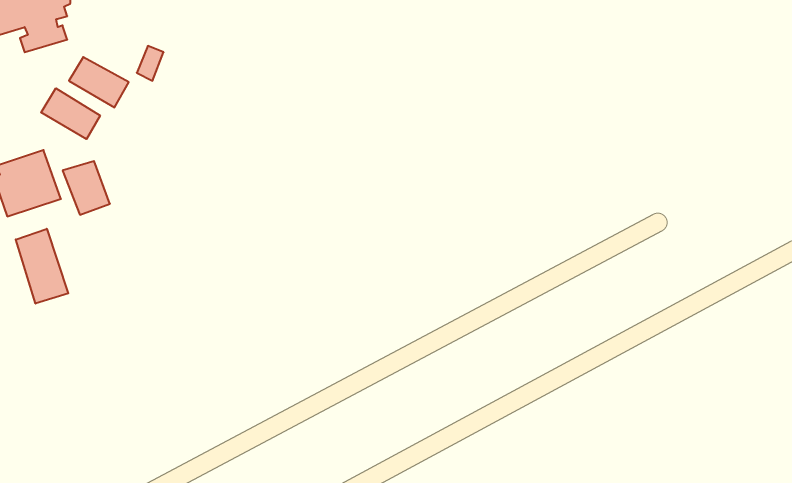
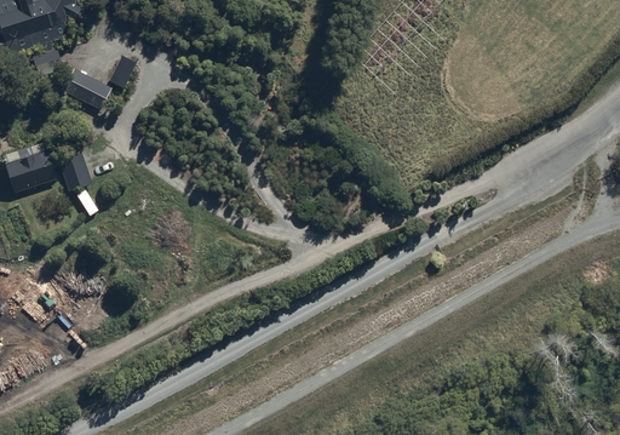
building: [41,88,100,139] -> none
building: [16,229,68,304] -> none

